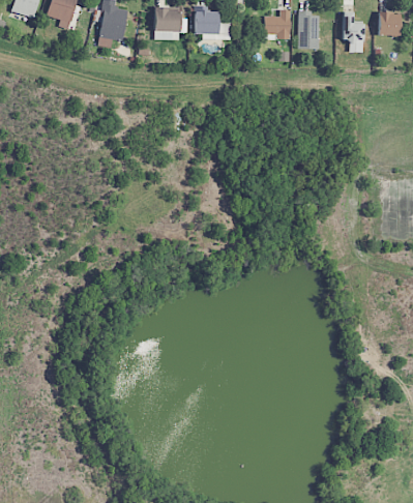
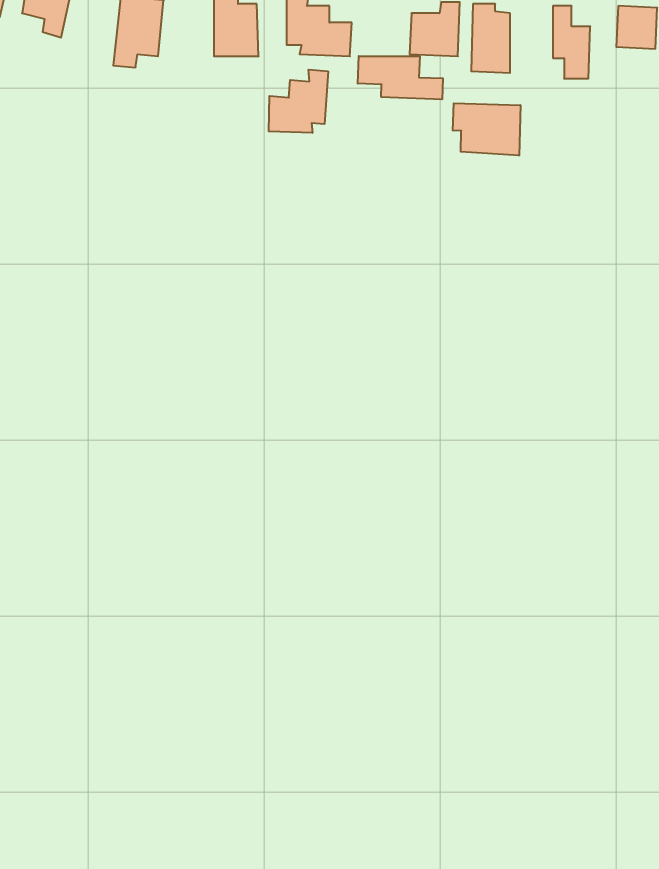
building: none -> [358,56,443,99]
building: none -> [269,70,328,133]
building: none -> [453,103,520,156]

